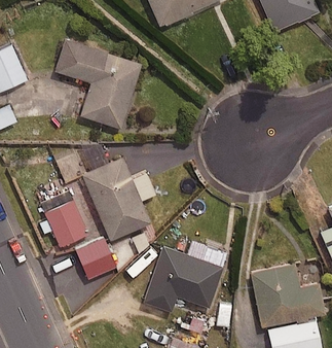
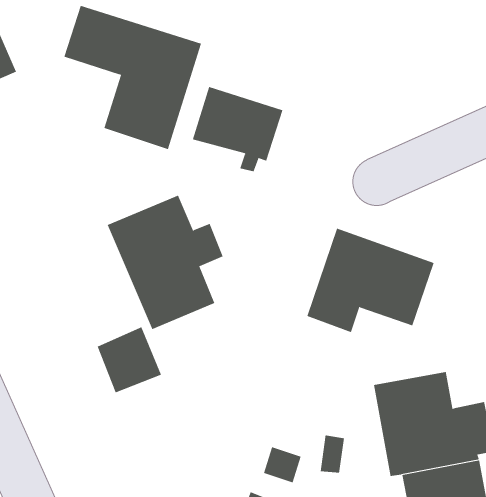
building: none -> [192,86,283,172]
building: [46,200,89,247] -> none
building: [142,246,221,311] -> [306,228,435,333]

